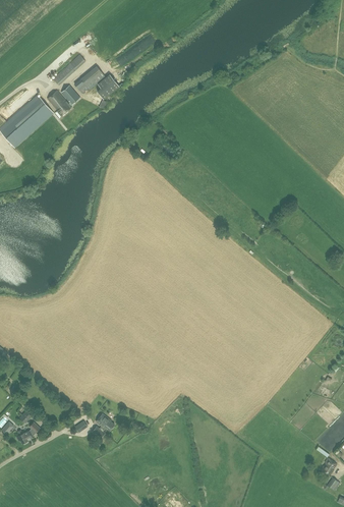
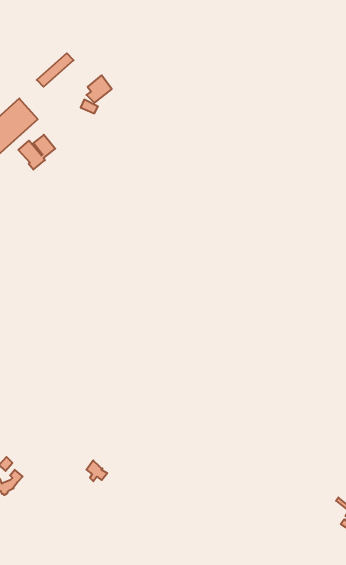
building: [73,64,105,93] -> none
building: [47,84,79,115] -> [18,135,55,170]

